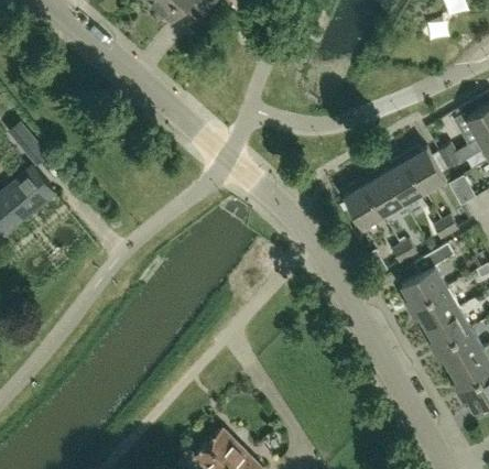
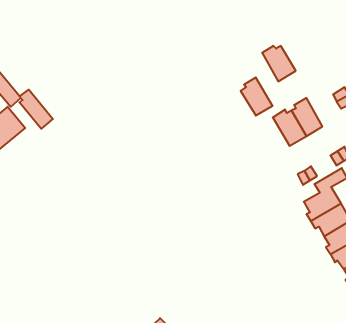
building: none -> [19,90,53,129]
building: [403,148,445,192] -> [262,46,296,81]
building: [343,181,382,228] -> [241,77,273,116]

